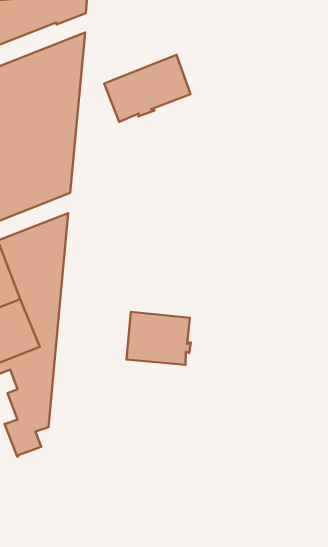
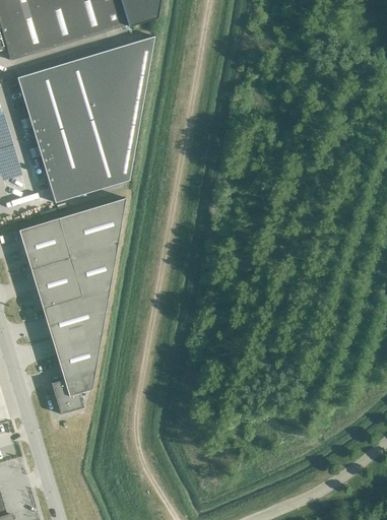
building: [104,55,190,122] -> none
building: [127,312,191,365] -> none

